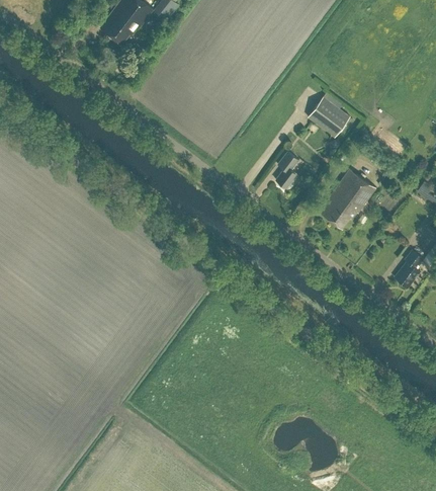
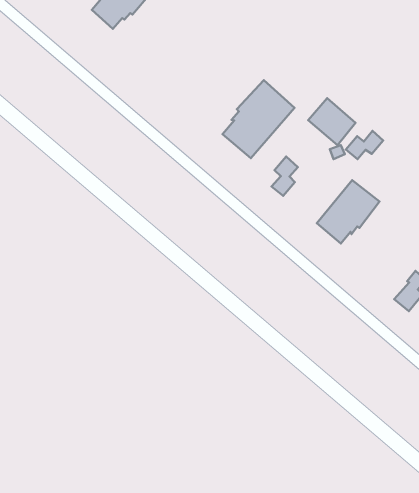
building: none -> [223,80,294,158]
building: none -> [346,131,383,159]

